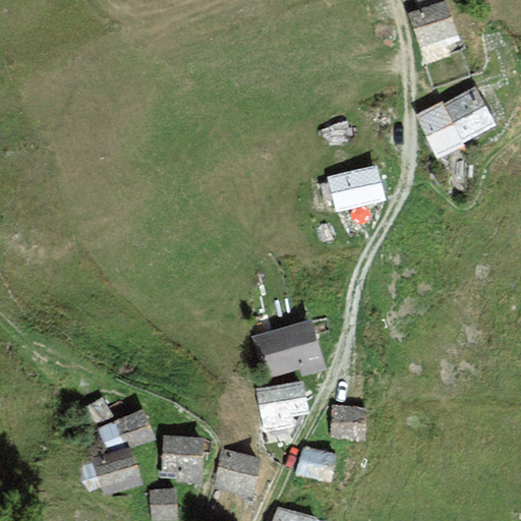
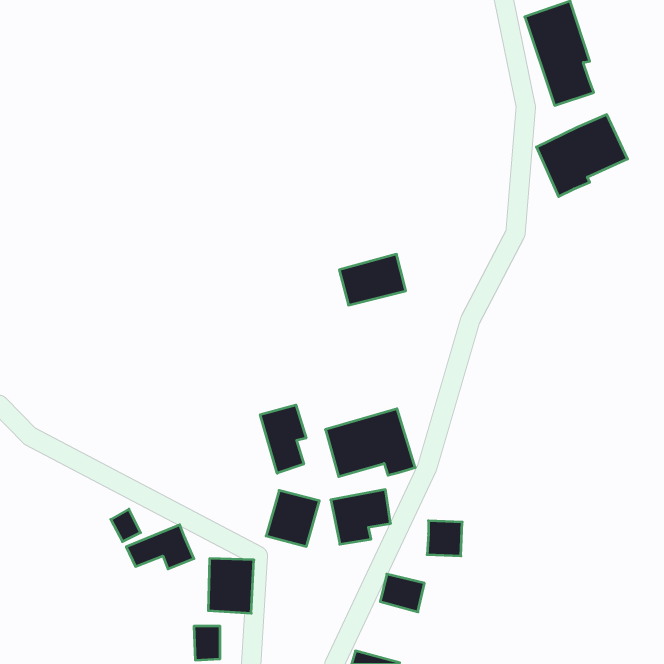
building: [331,168,383,208] -> [339,254,406,305]
building: none -> [260,405,306,473]
building: [94,449,138,491] -> none
building: [215,449,256,493] -> [266,490,319,546]

